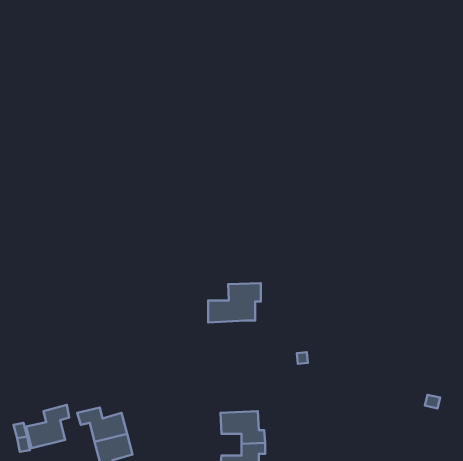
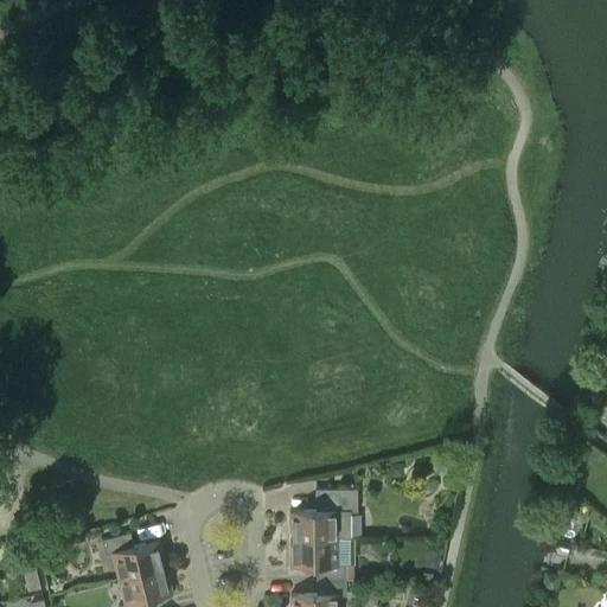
building: [208,283,261,322] -> [288,492,357,543]
building: [26,405,69,448] -> none

